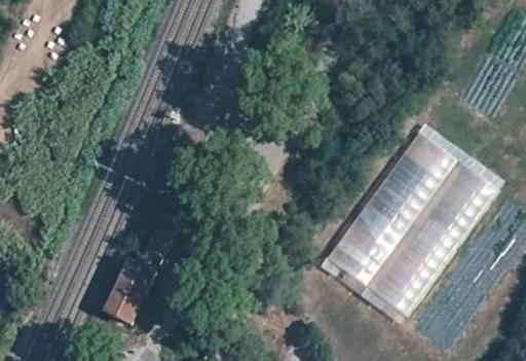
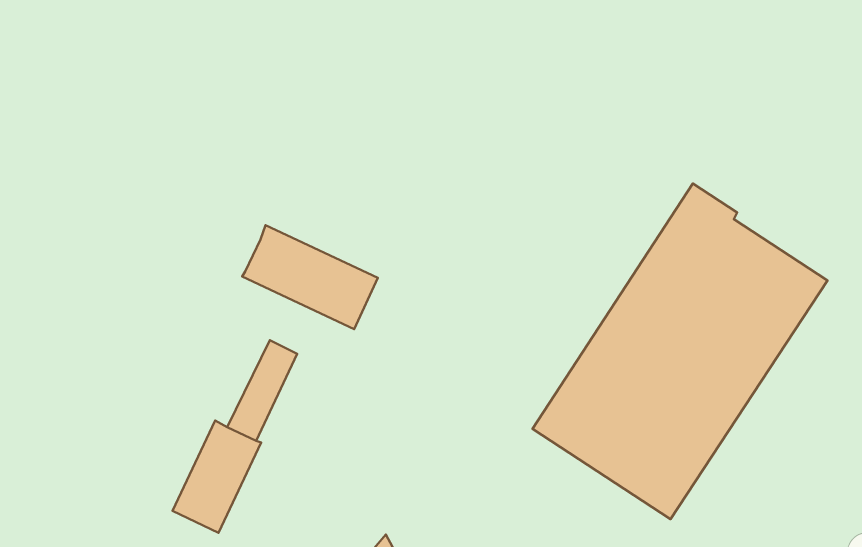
building: none -> [242,225,378,329]

